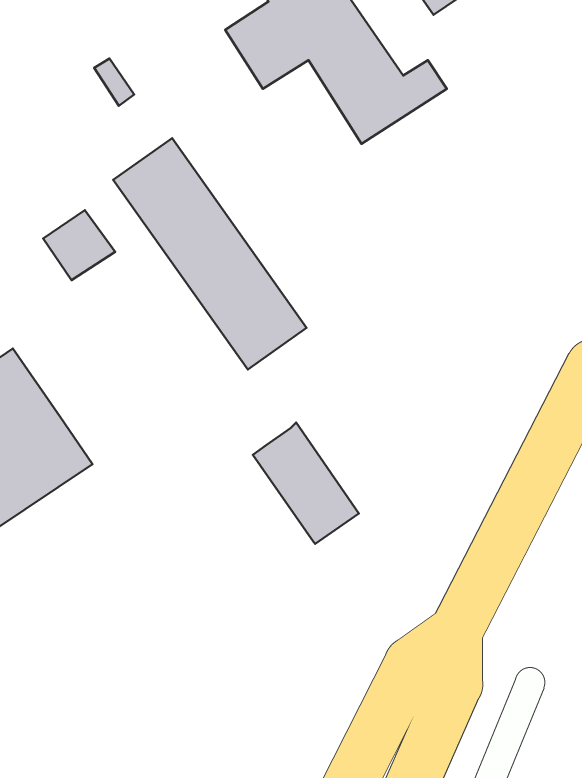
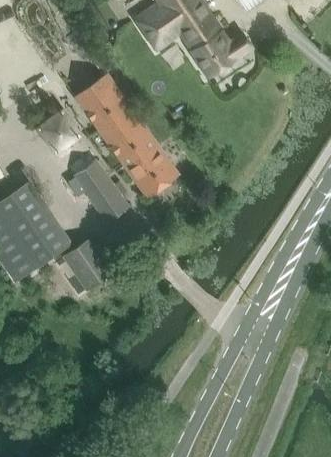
building: [253,422,359,544] -> [72,158,128,222]
building: none -> [61,235,113,289]

